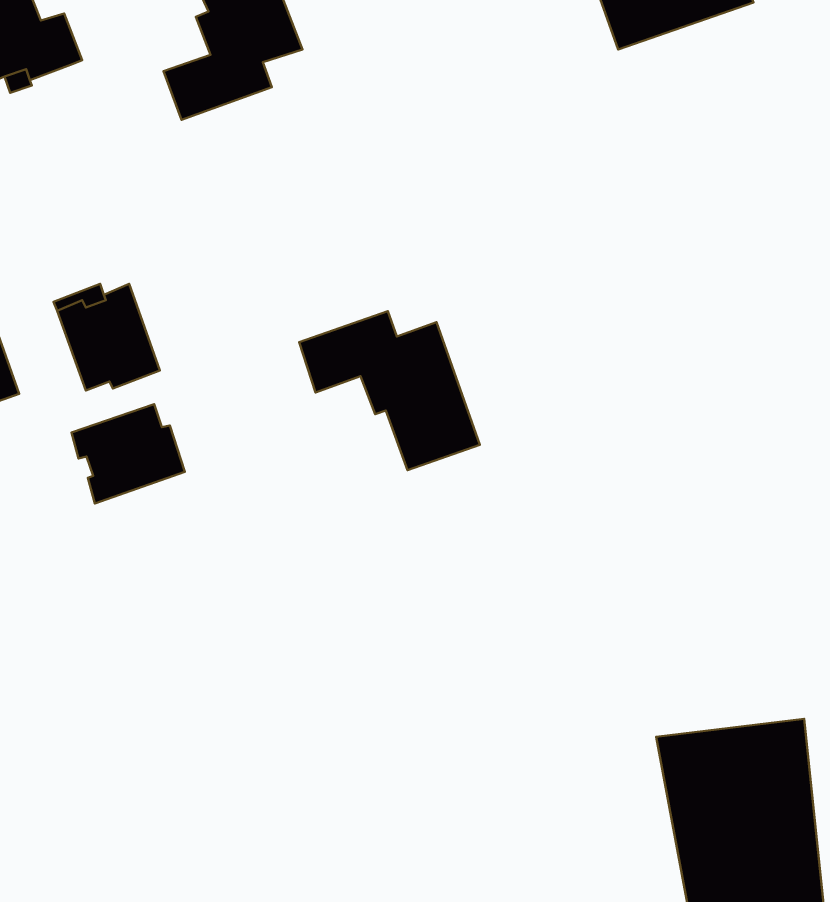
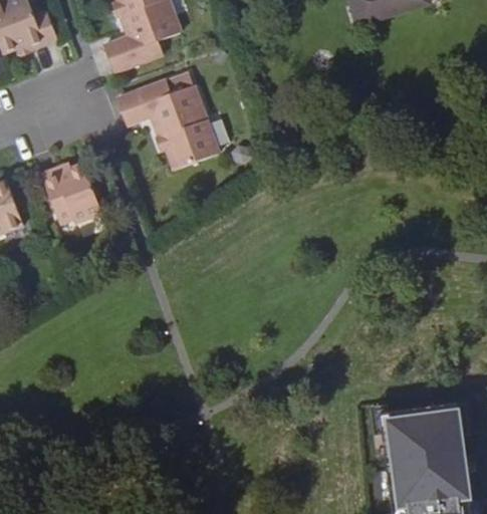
building: [299,311,480,470] -> [116,79,217,168]
building: [71,404,185,504] -> none

